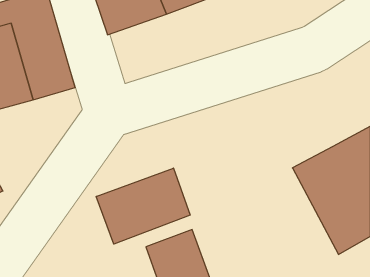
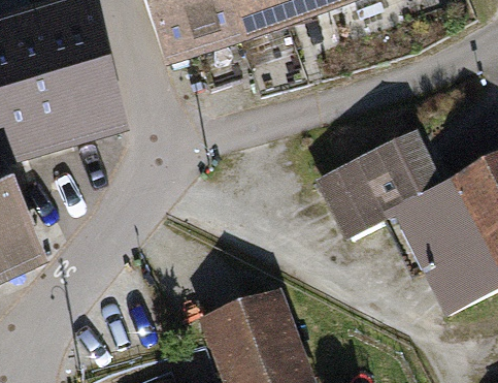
building: none -> [311,131,450,249]
building: [96,168,190,244] -> none

